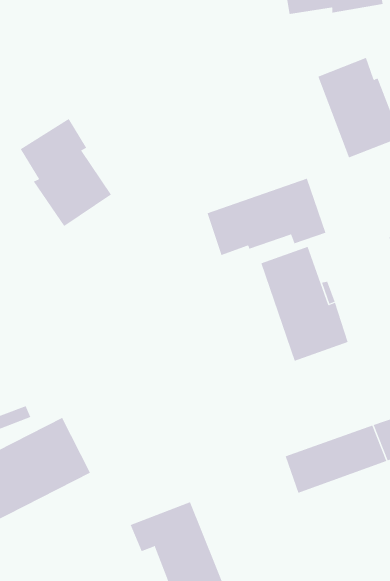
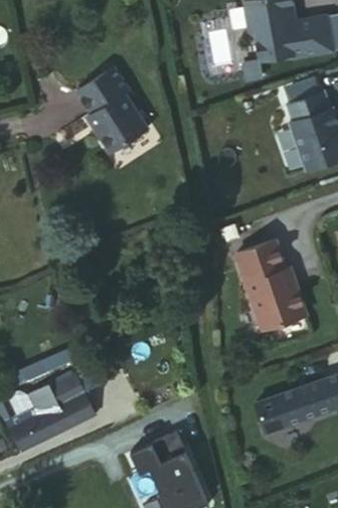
building: [20,118,112,227] -> [74,69,146,154]
building: [207,178,326,256] -> none

